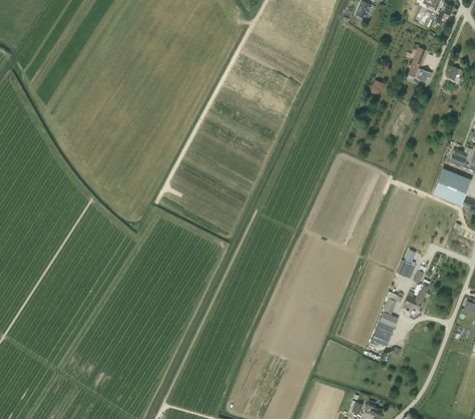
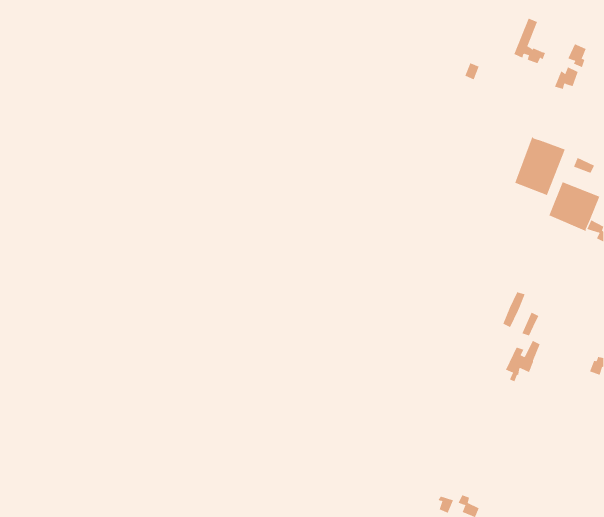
building: none -> [515,136,566,196]
building: [372,292,404,346] -> none

